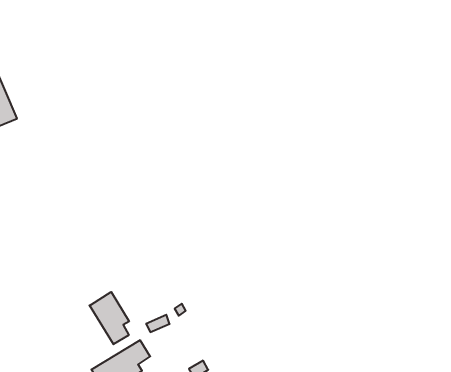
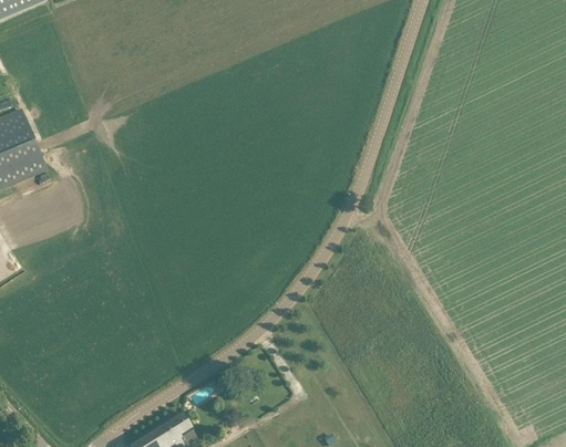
building: [89,292,129,344] -> none

